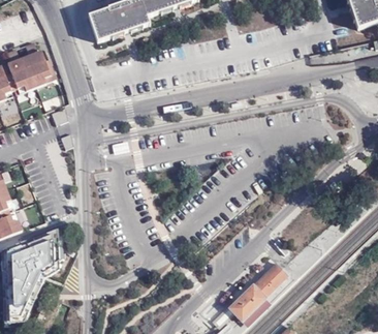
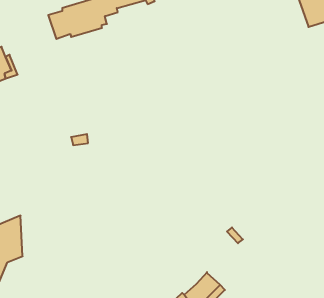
building: [252,263,288,298] -> none

